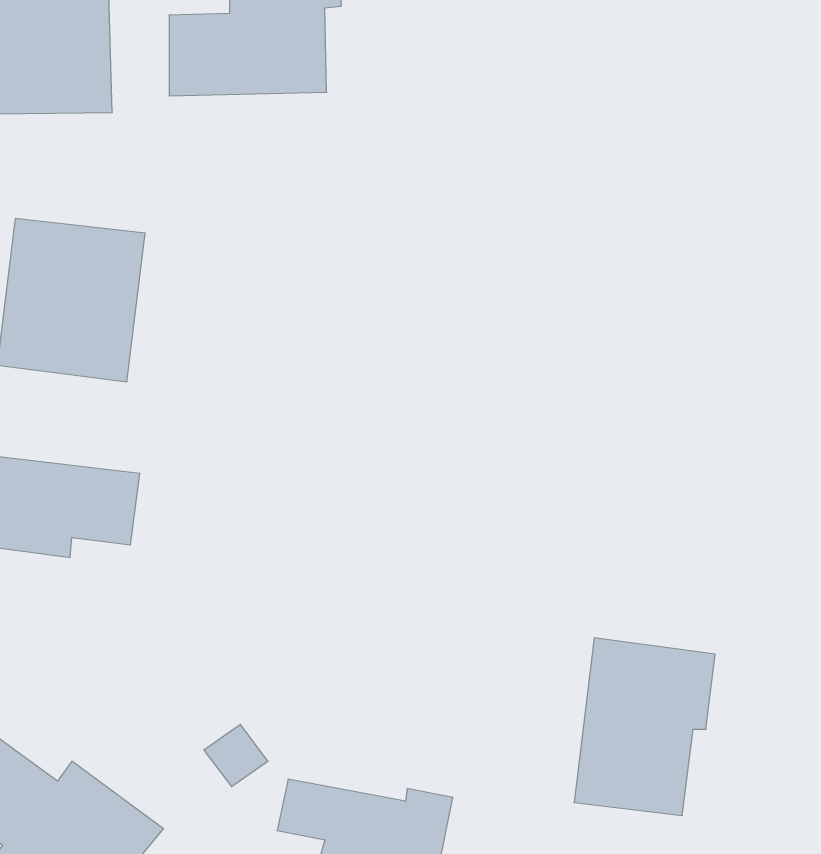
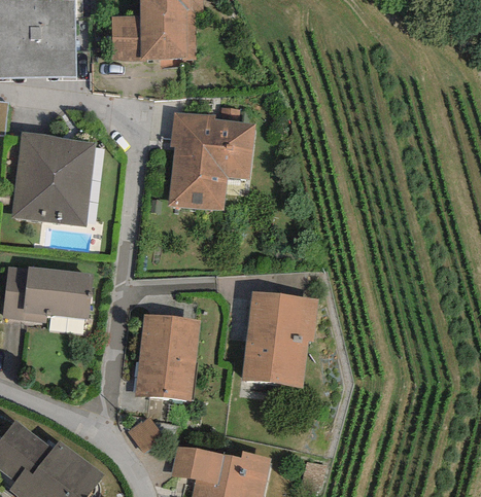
building: none -> [172,110,254,210]
building: none -> [134,315,200,400]
building: [574,638,715,815] -> [242,292,321,392]

